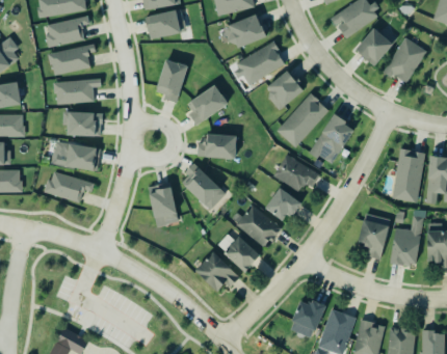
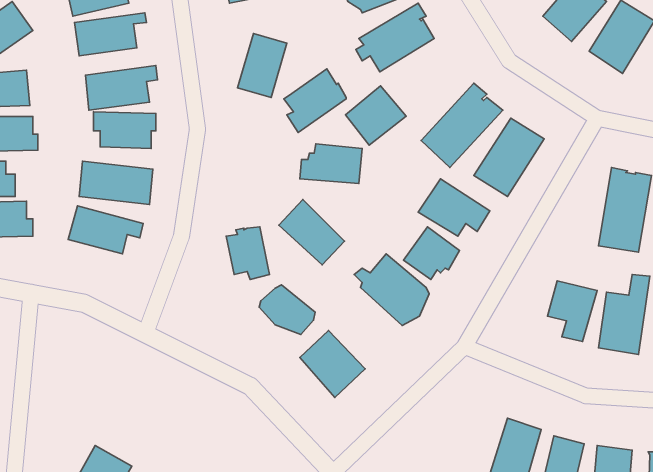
building: [264,71,304,109] -> [345,86,406,145]
building: [222,237,259,269] -> [259,285,315,334]
building: [291,298,327,337] -> none

